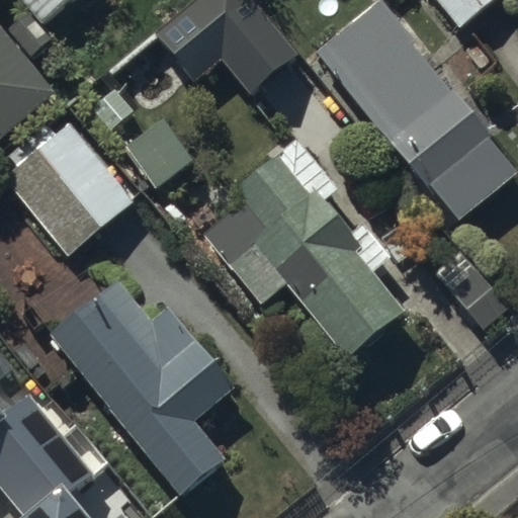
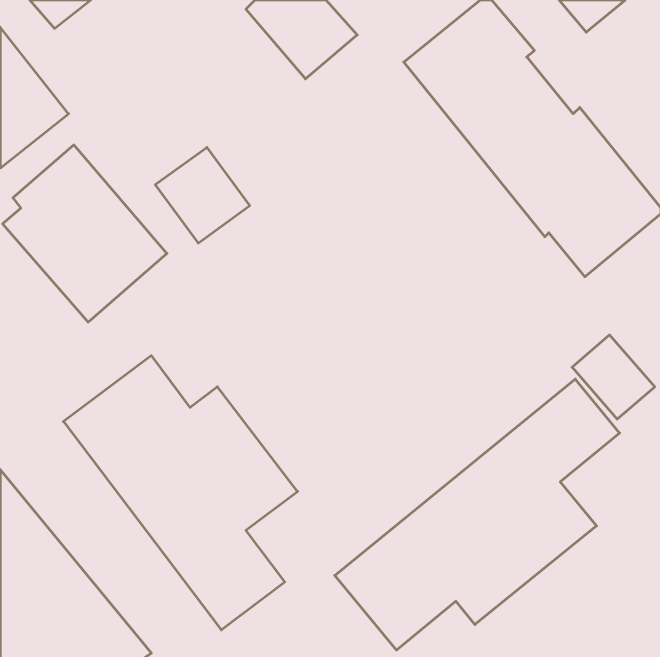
building: [201,139,401,356] -> none
building: none -> [335,379,620,650]

